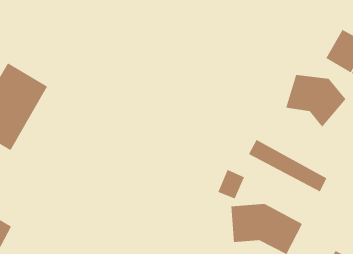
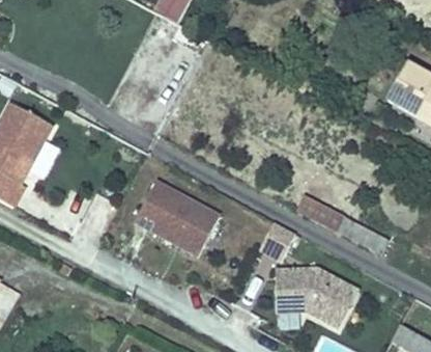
building: [285,74,346,127] -> none
building: none -> [137,180,221,253]

